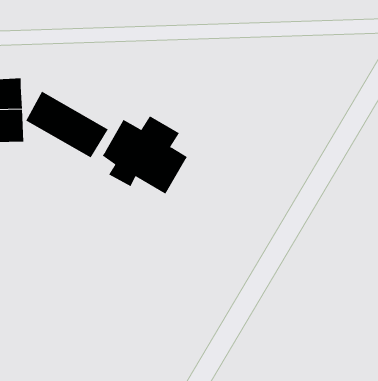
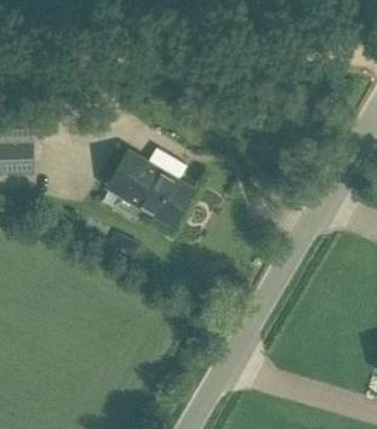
building: [26,91,108,158] -> none

